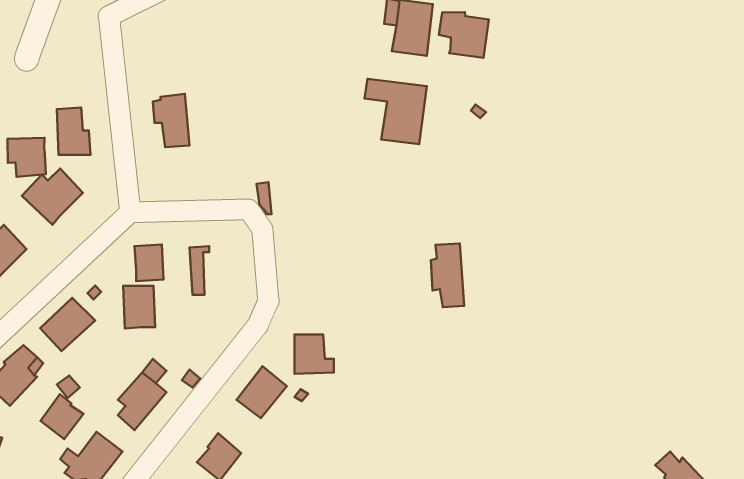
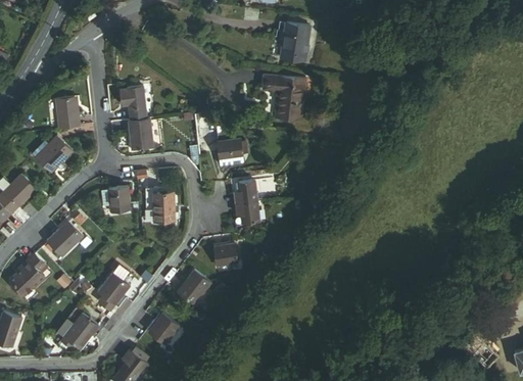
building: [439,12,489,58] -> none
building: [7,138,46,177] -> none
building: none -> [127,120,153,152]
building: none -> [220,139,245,158]
building: [431,243,464,307] -> [236,181,258,224]
building: [123,286,155,329] -> [154,192,176,221]
building: [41,394,83,439] -> none

